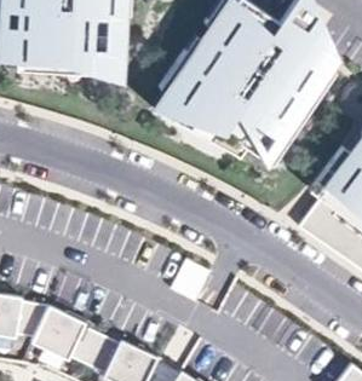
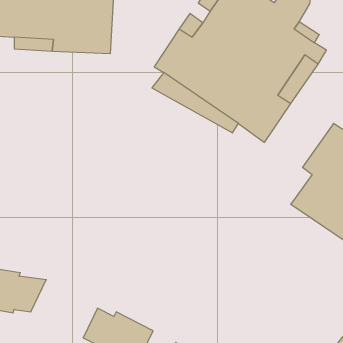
building: [30,305,100,364] -> none

